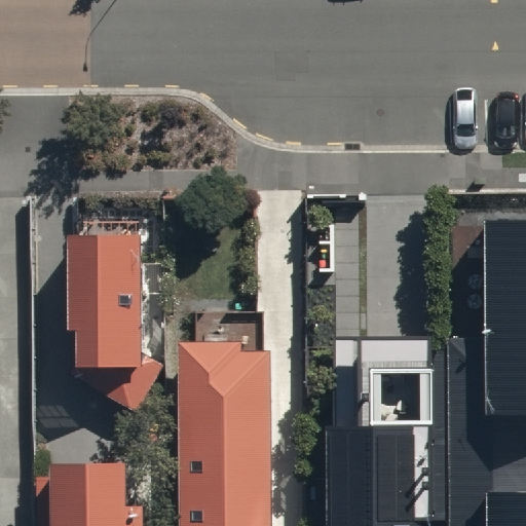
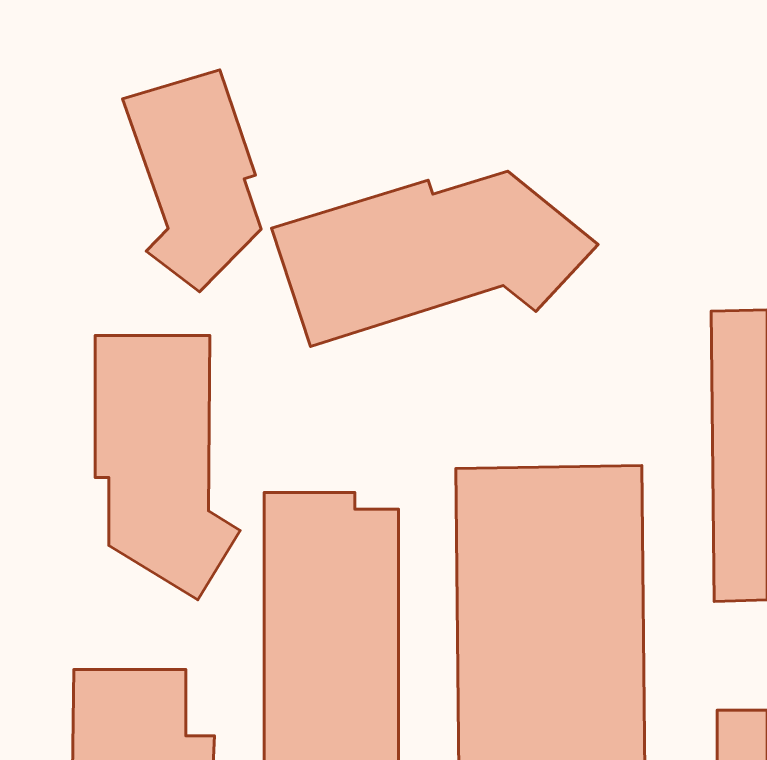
building: none -> [123,70,261,292]
building: none -> [272,171,598,346]

